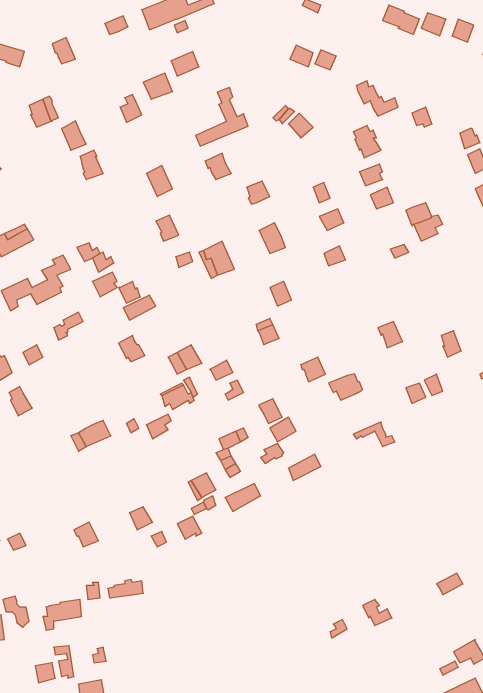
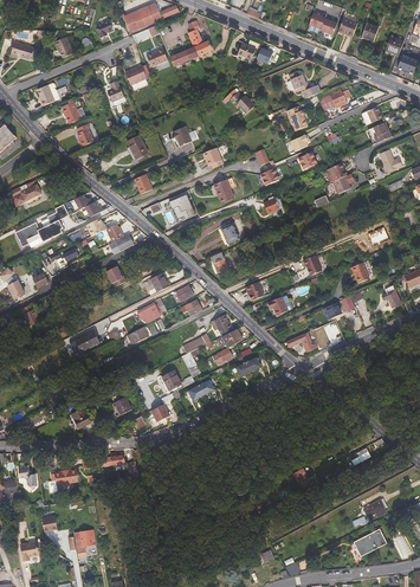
building: [196,88,248,146] -> [170,20,211,65]

